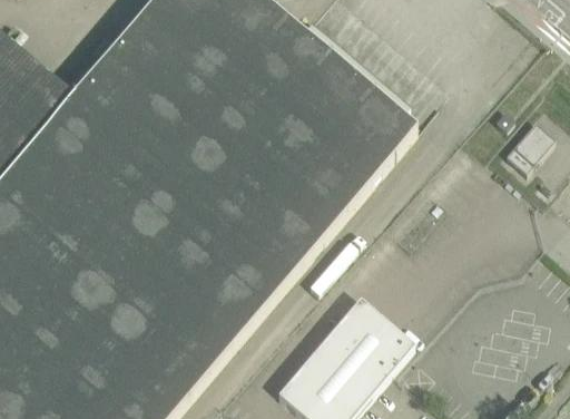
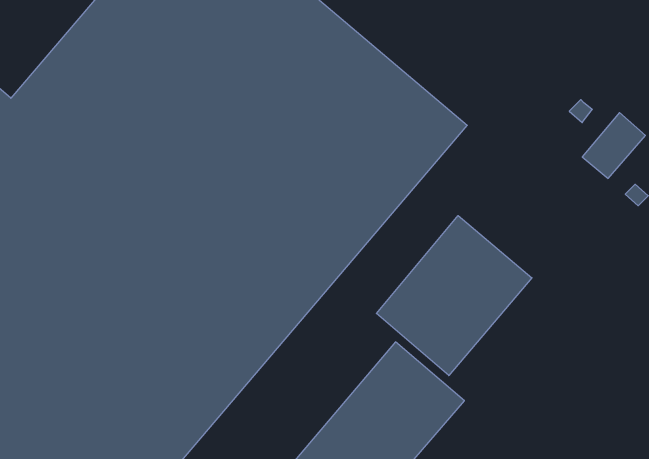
building: none -> [376,216,532,376]

